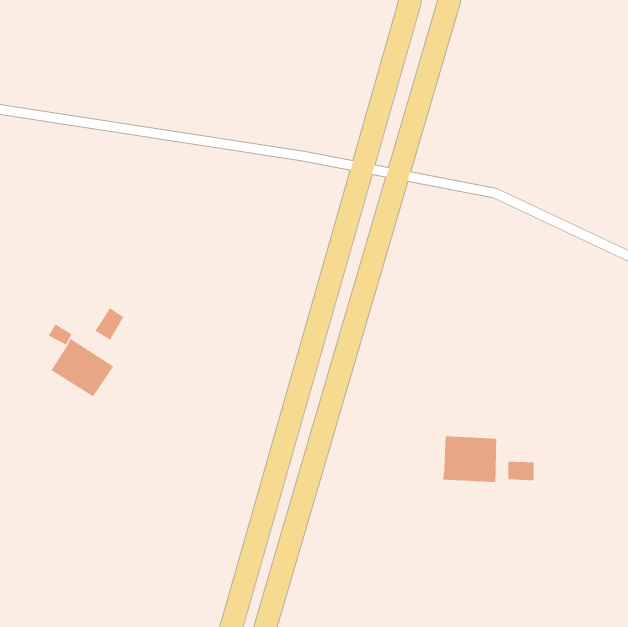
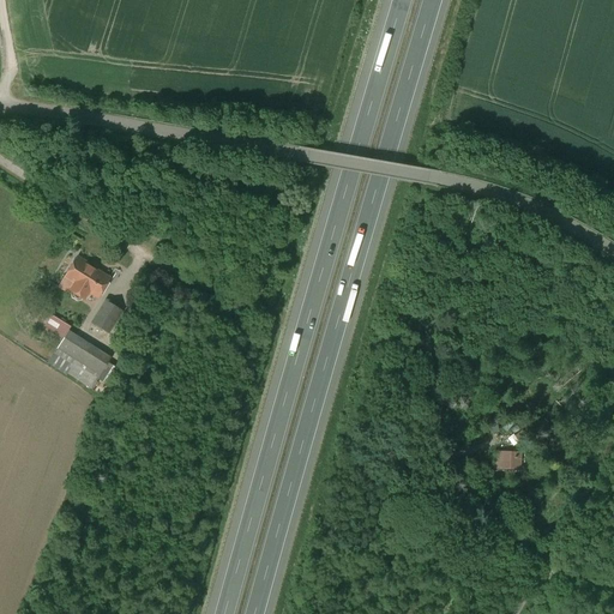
building: none -> [66,258,109,299]
building: [443,435,497,483] -> none

